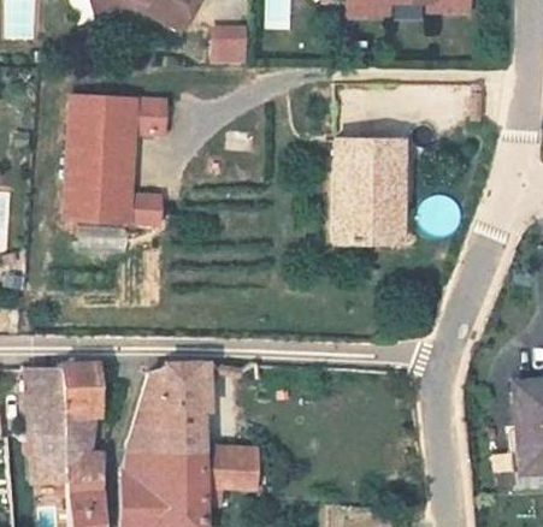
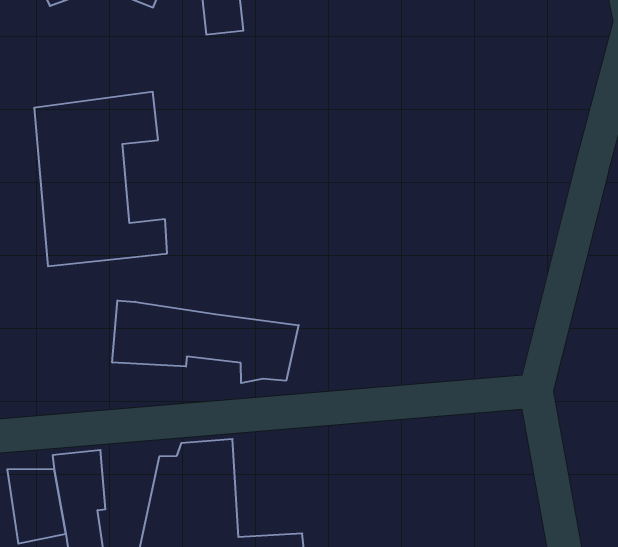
building: [342,132,415,236] -> none
building: none -> [112,300,299,383]

